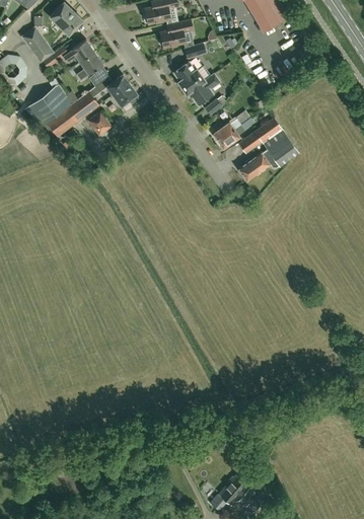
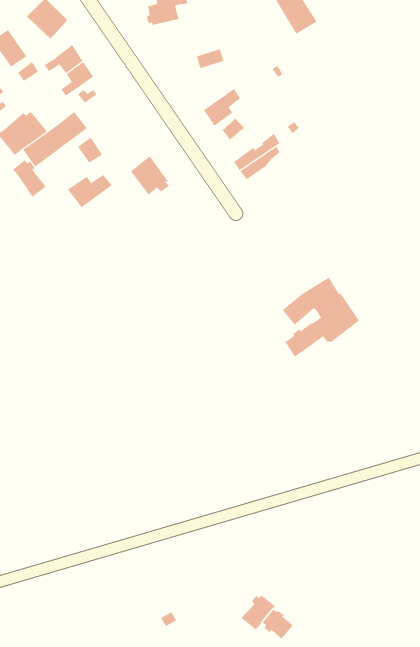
building: [159,20,193,48] -> none
building: [173,62,214,93] -> none
building: [106,74,138,106] -> [130,155,170,196]
building: [236,117,298,180] -> [282,277,360,358]
building: none -> [12,160,47,198]
building: none -> [67,174,112,210]

